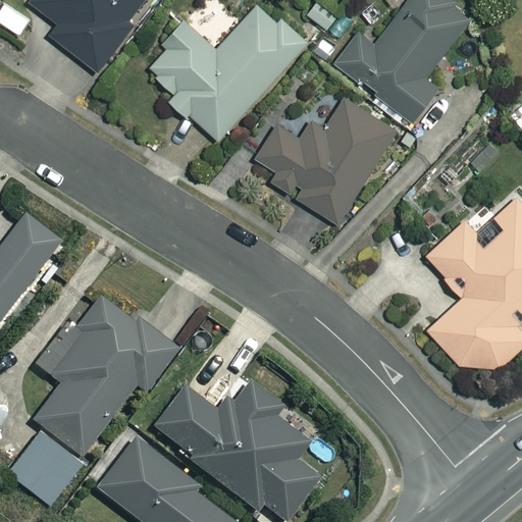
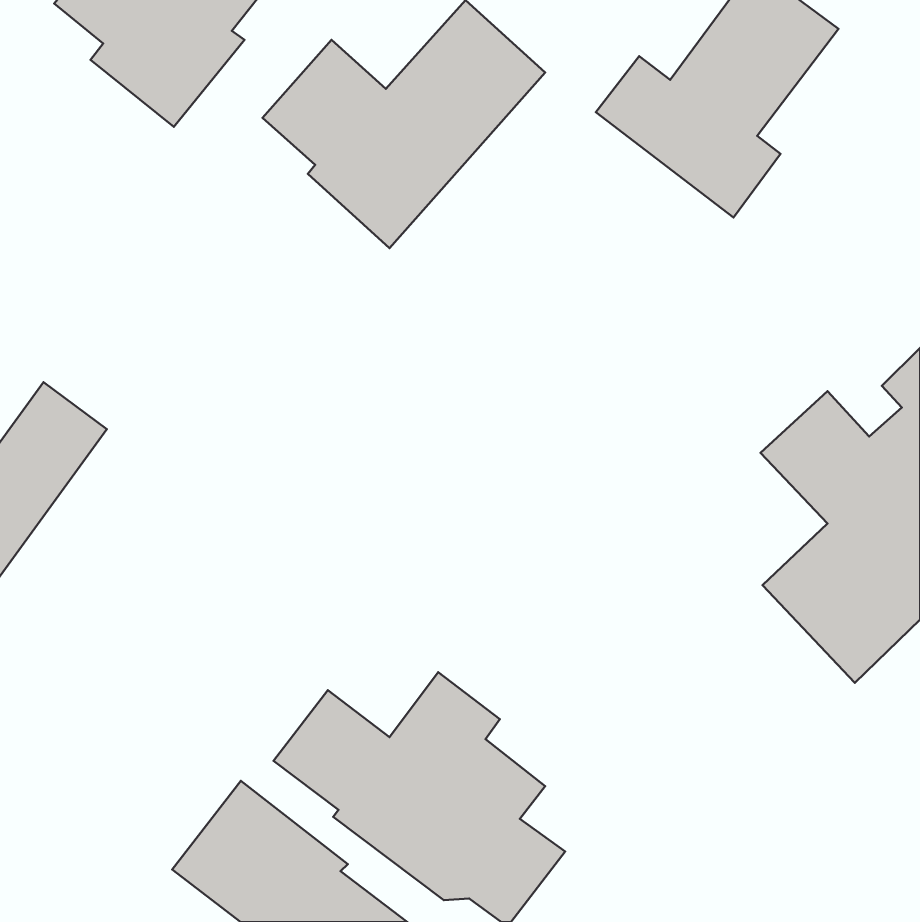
building: [257,99,398,223] -> none
building: [33,298,176,456] -> none
building: [6,432,81,508] -> none

